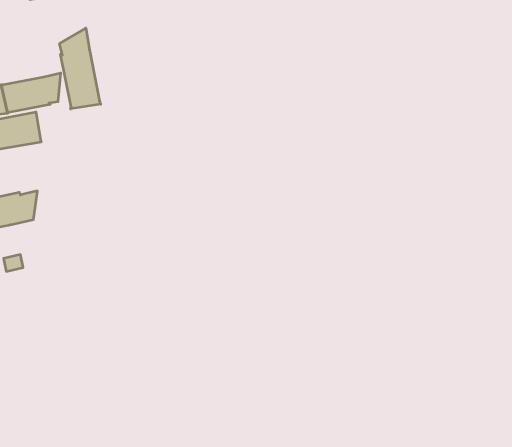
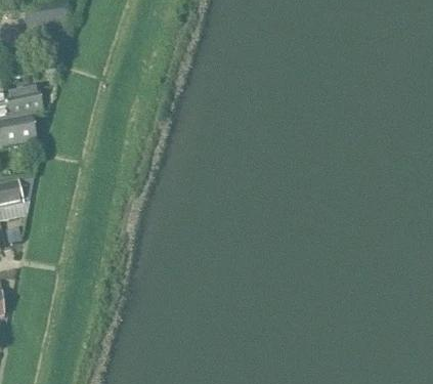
building: [60,28,101,109] -> none

